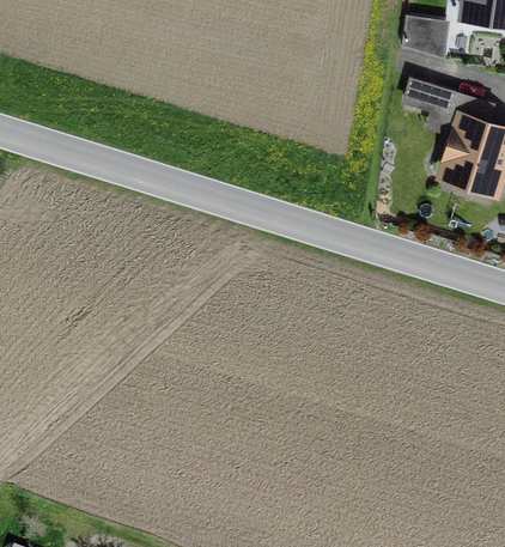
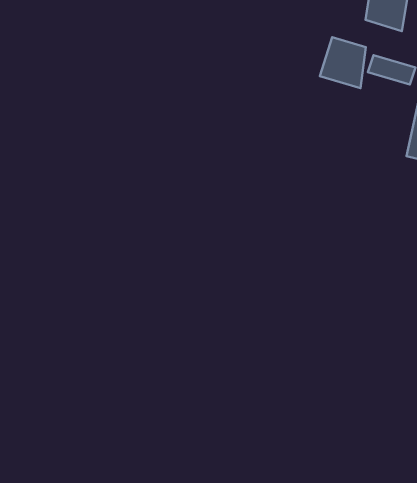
building: none -> [320,37,366,88]

